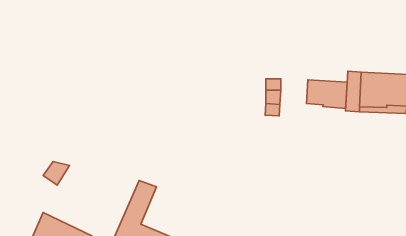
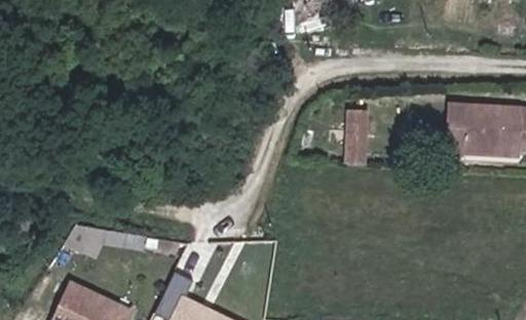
building: [307,80,347,108] -> none

